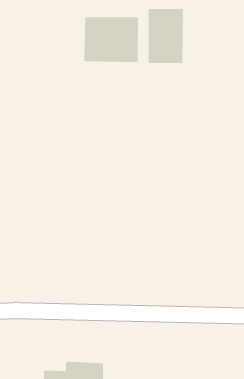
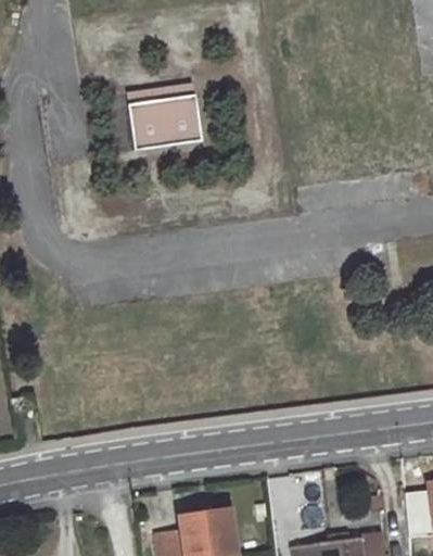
building: [148,8,183,64] -> none

